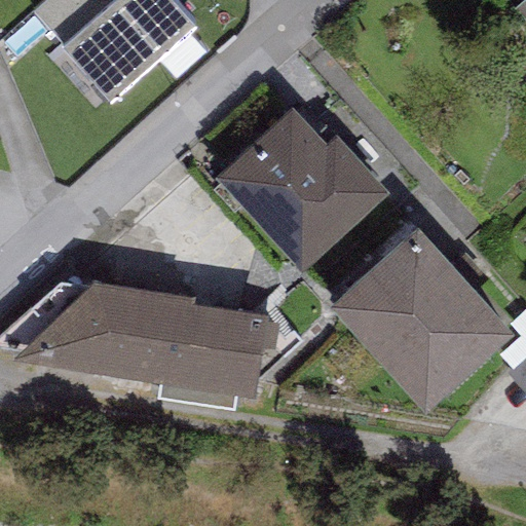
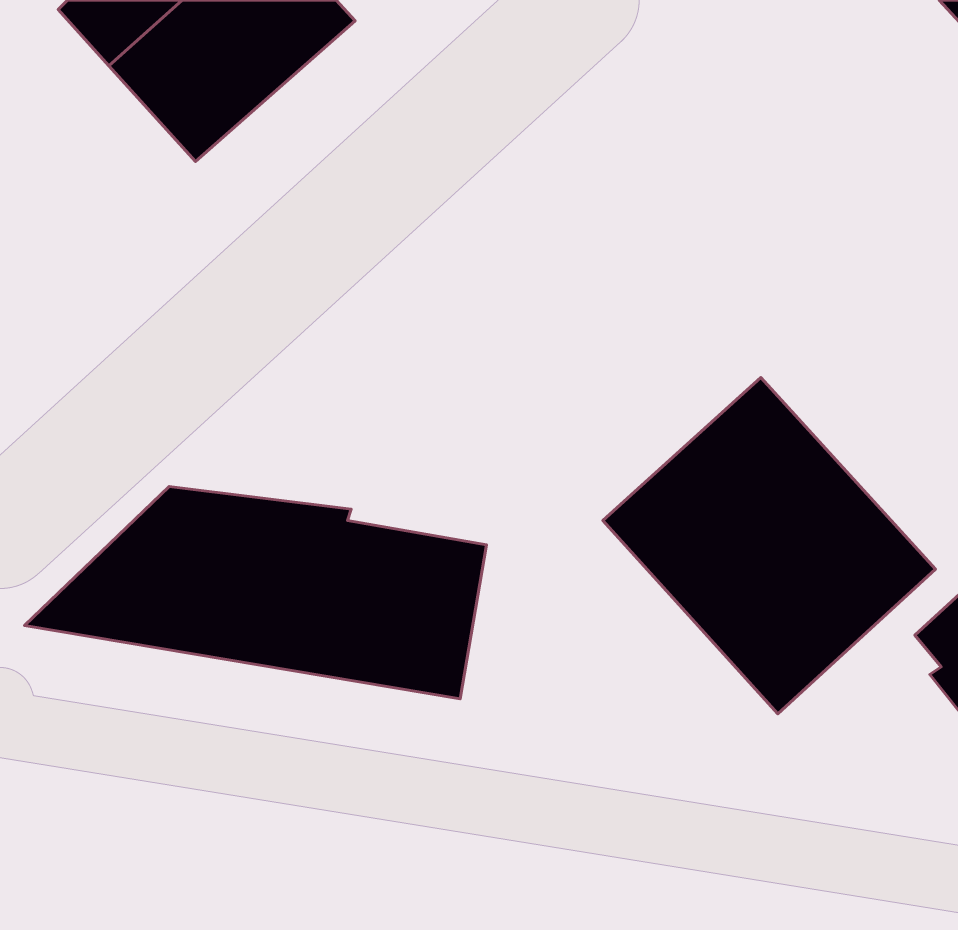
building: [216,111,389,273] -> none

